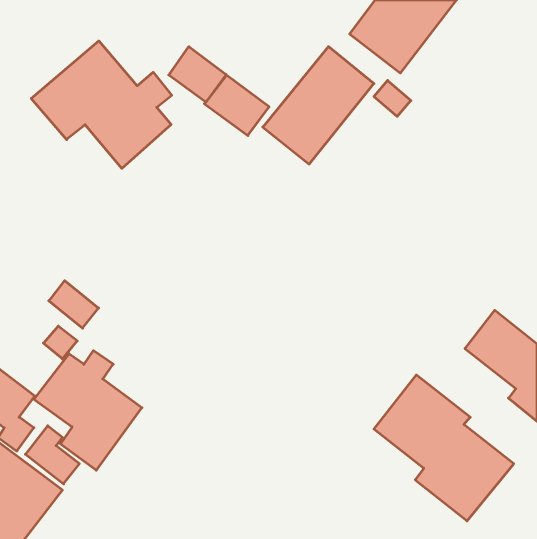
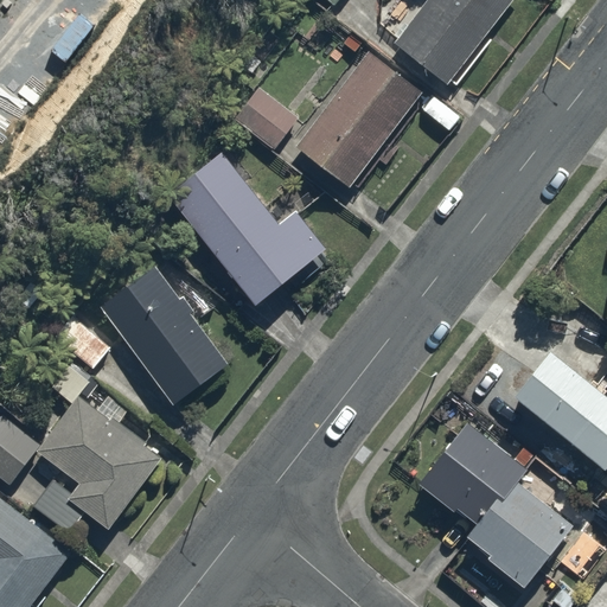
building: [31,41,172,168] -> none
building: [169,47,226,102] -> none
building: none -> [167,151,330,307]
building: none -> [98,264,231,407]

